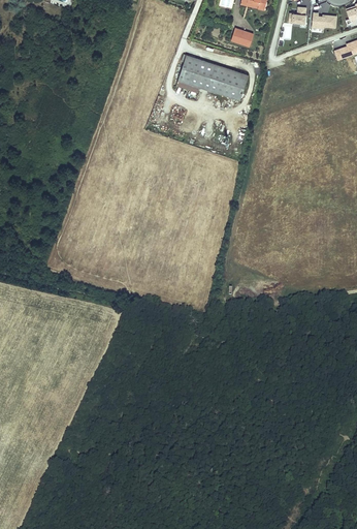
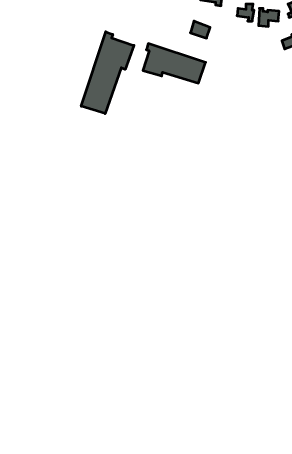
building: none -> [81,32,134,114]

